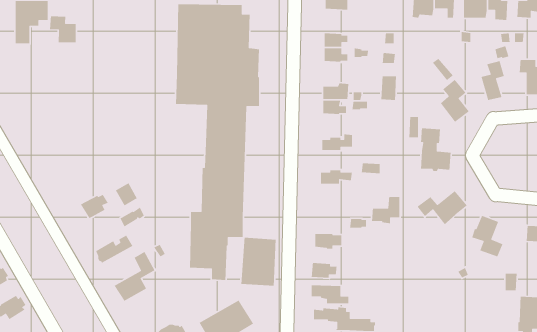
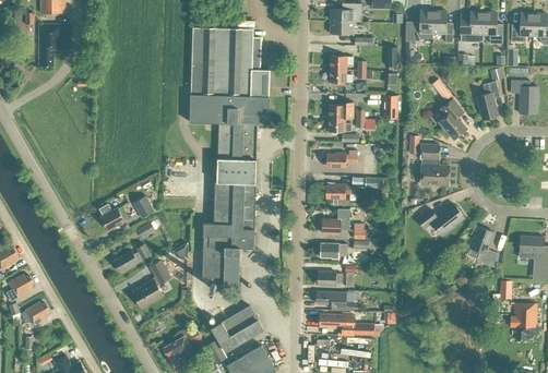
building: [49,16,77,43] -> none
building: [371,196,400,224] -> [322,208,349,234]
building: [240,237,277,287] -> none

